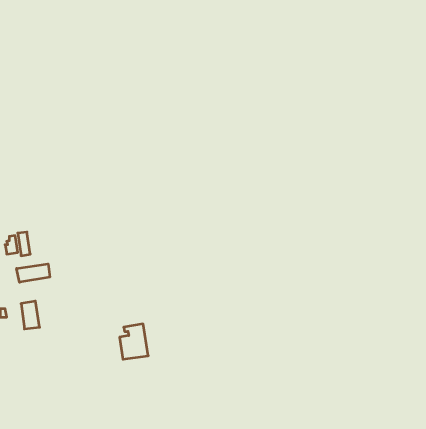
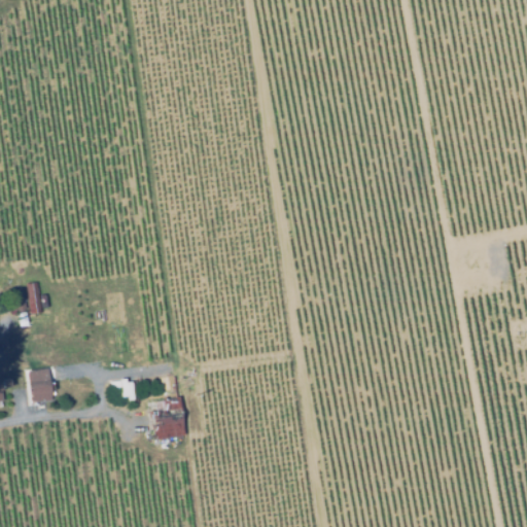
building: [17,264,50,282] -> none

